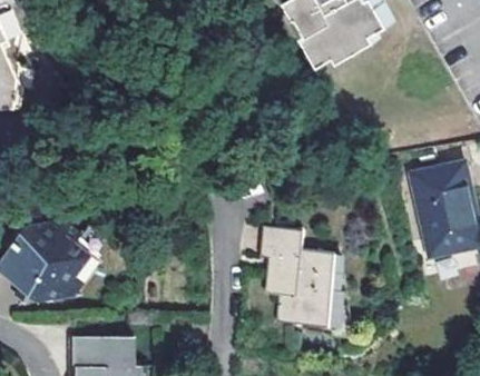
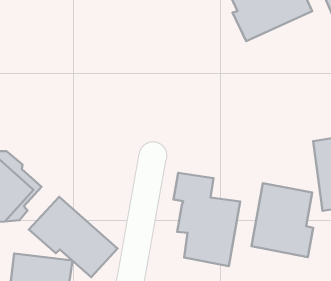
building: none -> [252,183,313,257]
building: none -> [29,197,117,277]

